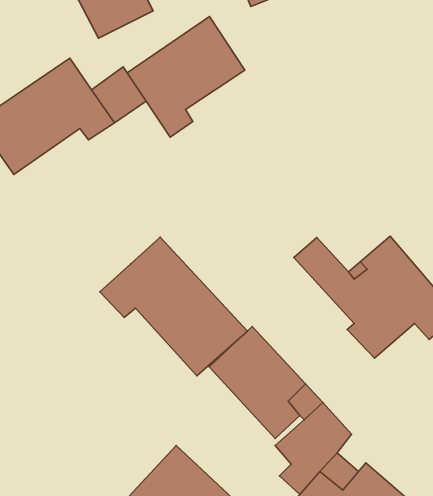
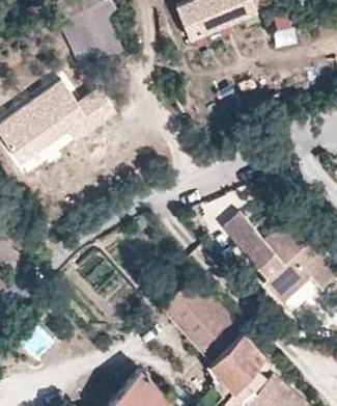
building: [127,17,245,137] -> none
building: [100,237,247,376] -> none

